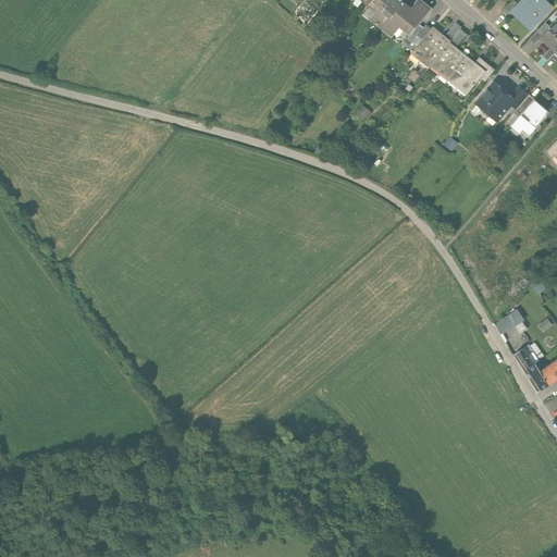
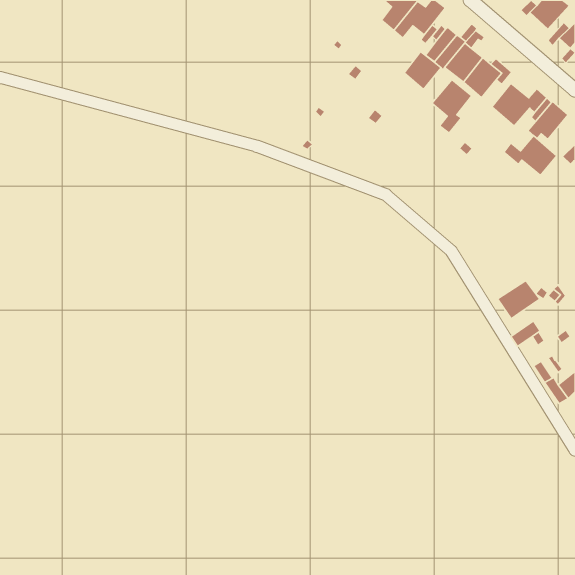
building: none -> [404,51,441,90]
building: none -> [432,79,472,133]
building: none -> [504,136,557,175]
building: none -> [497,280,540,319]

